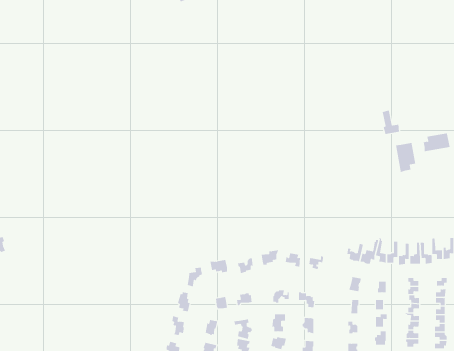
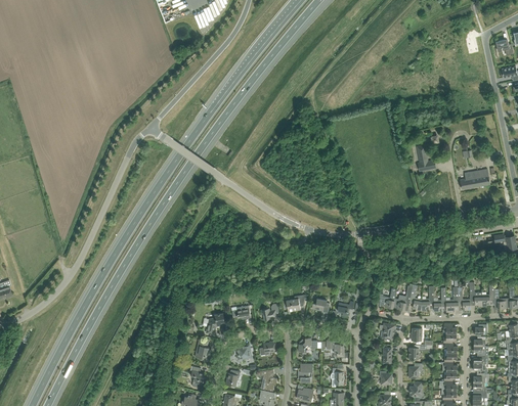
building: [395,142,416,173] -> none

